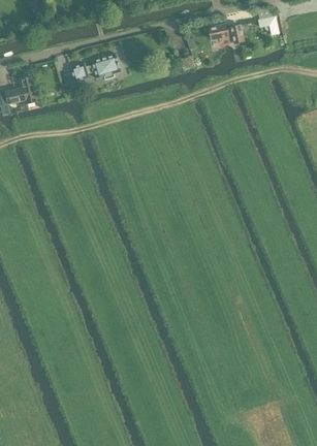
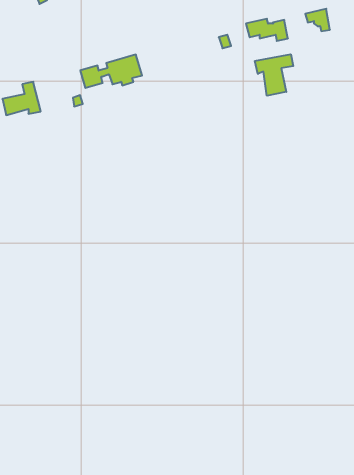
building: none -> [255,54,293,96]

